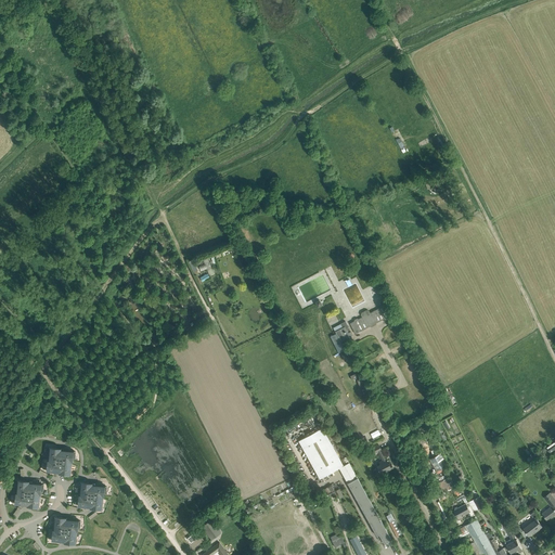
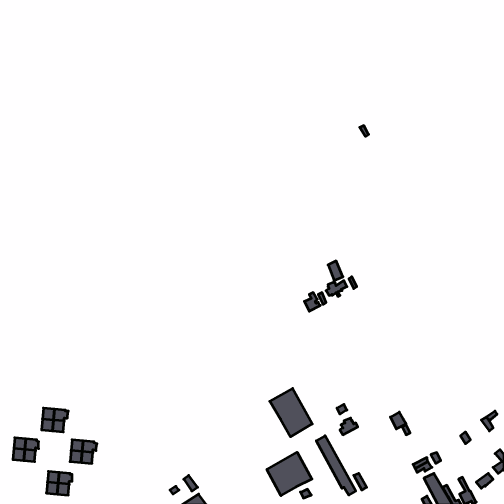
building: none -> [267,452,312,496]

